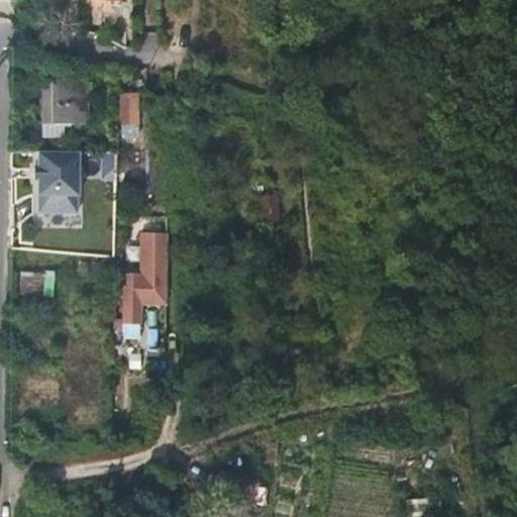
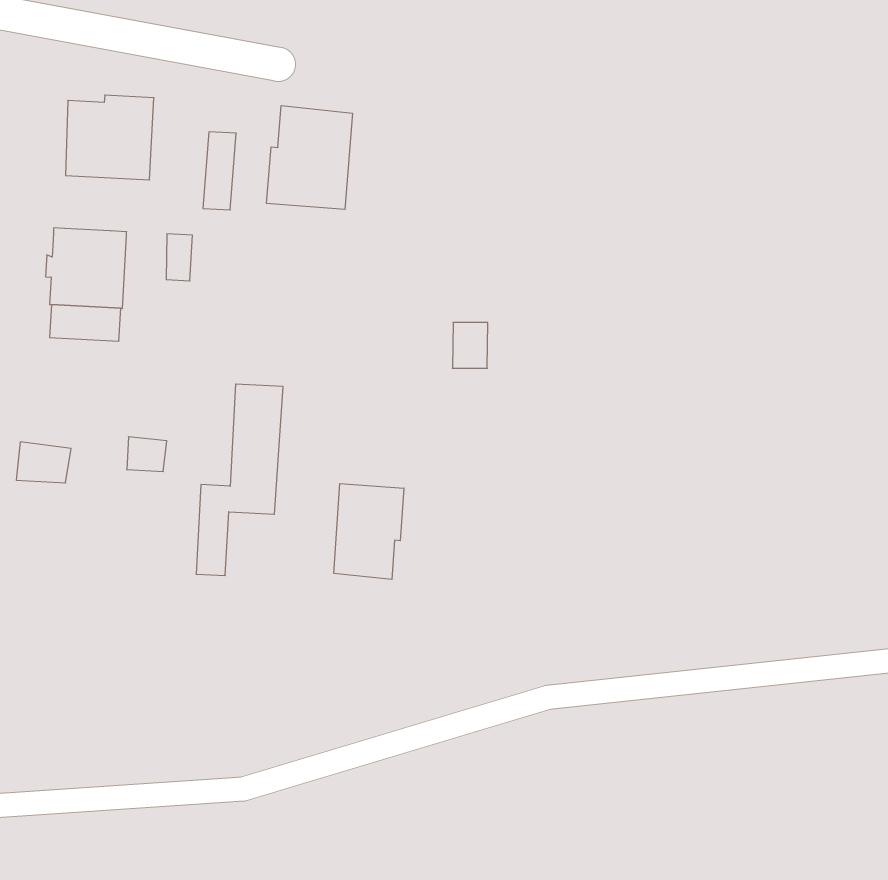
building: none -> [267,106,352,209]
building: none -> [334,484,404,579]

